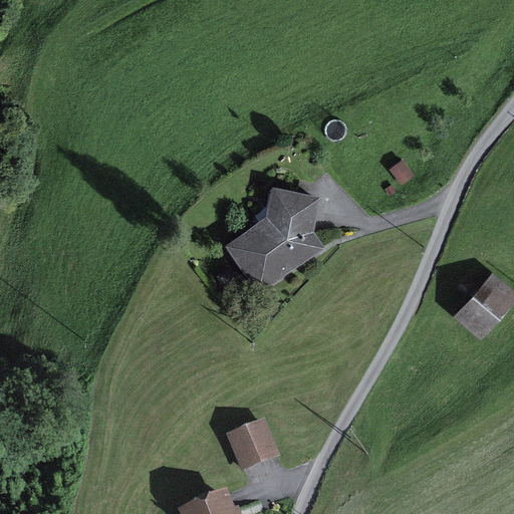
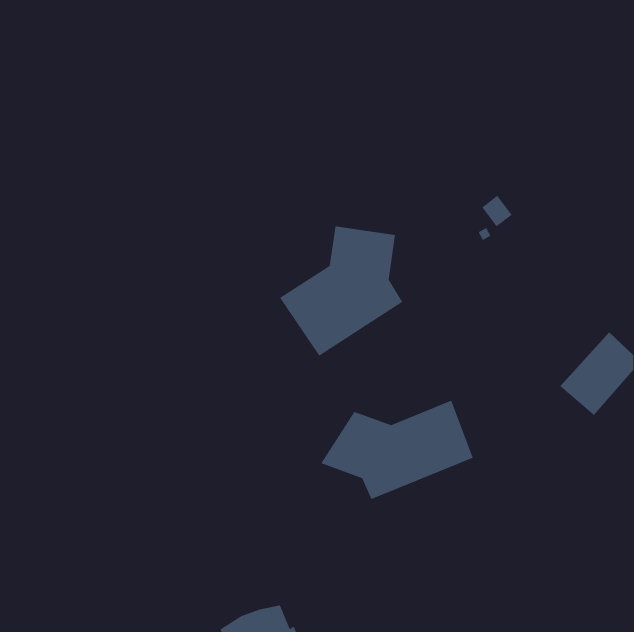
building: none -> [320,400,473,500]
building: [226,421,281,474] -> none

